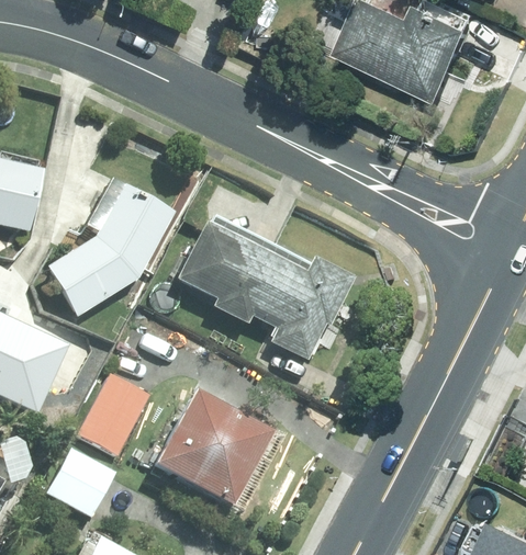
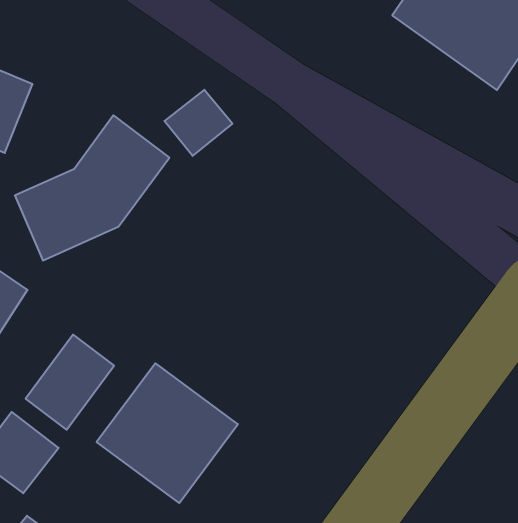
building: none -> [164,90,232,156]
building: [175,220,352,360] -> none

